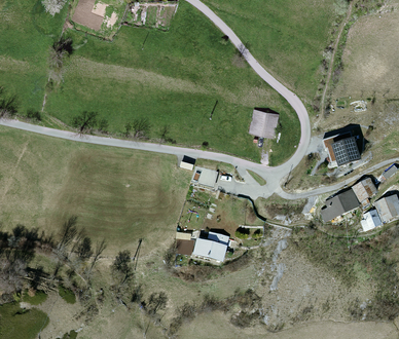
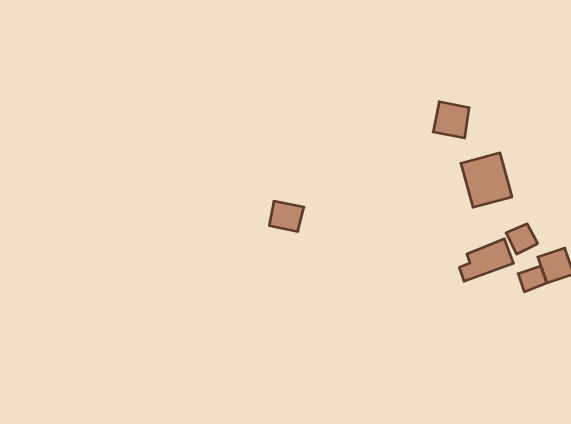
building: [252,111,277,136] -> [433,102,469,138]
building: [194,234,226,261] -> none

